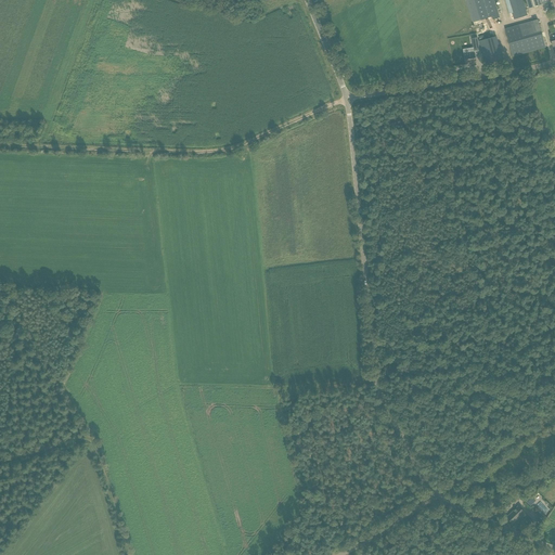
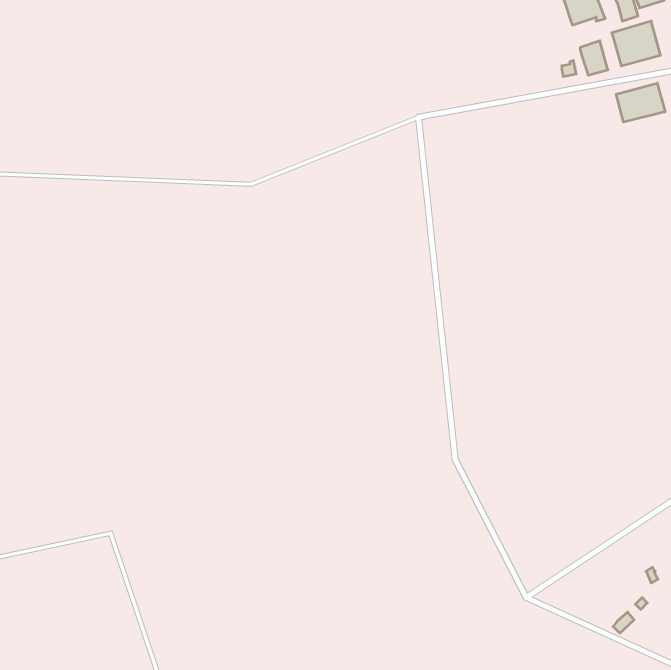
building: none -> [616,83,665,122]

